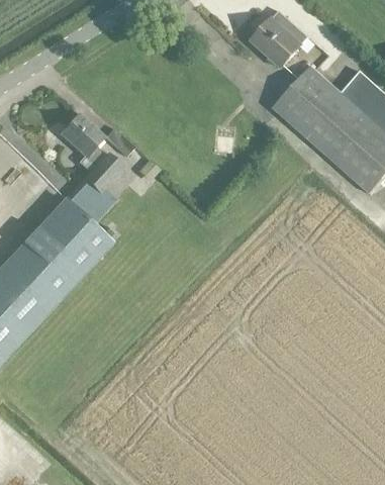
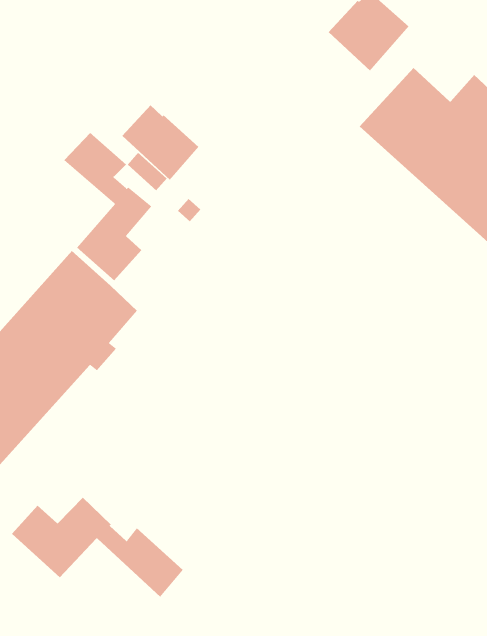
building: none -> [122,105,199,181]
building: none -> [11,497,183,598]

